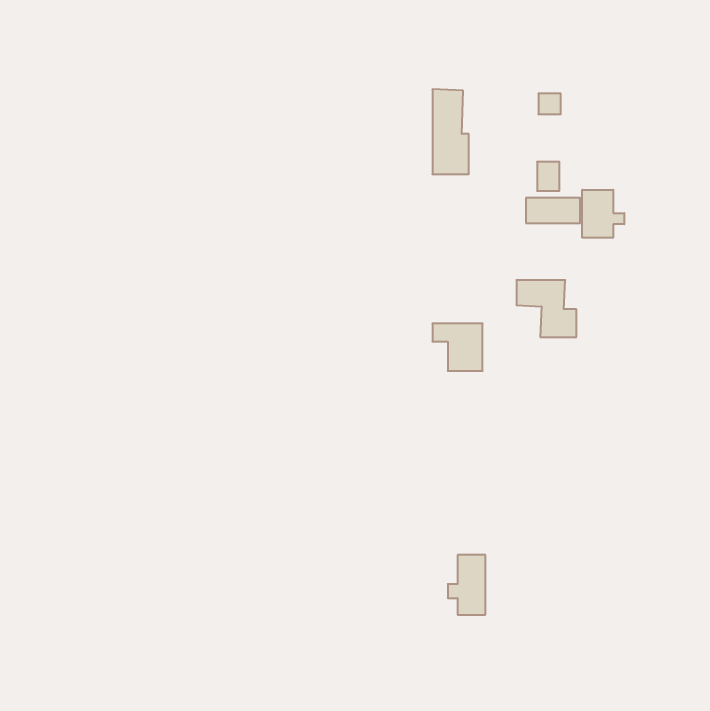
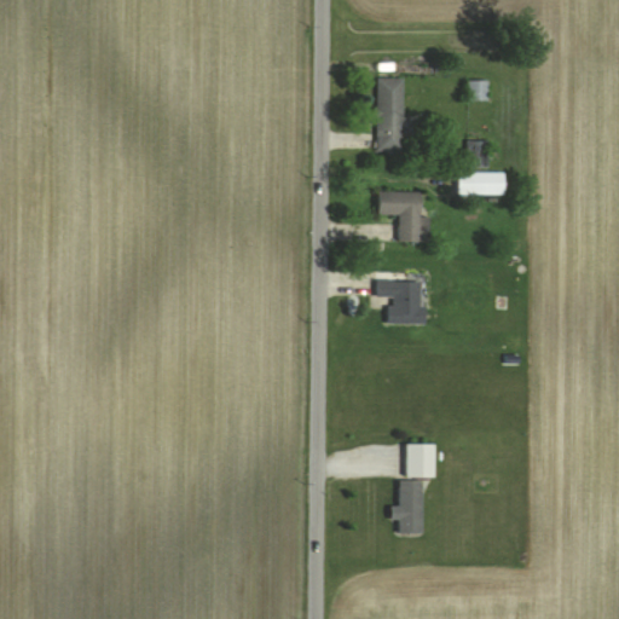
building: [582,190,624,238] -> none
building: [516,280,576,337] -> [378,191,430,241]
building: none -> [405,445,434,478]

